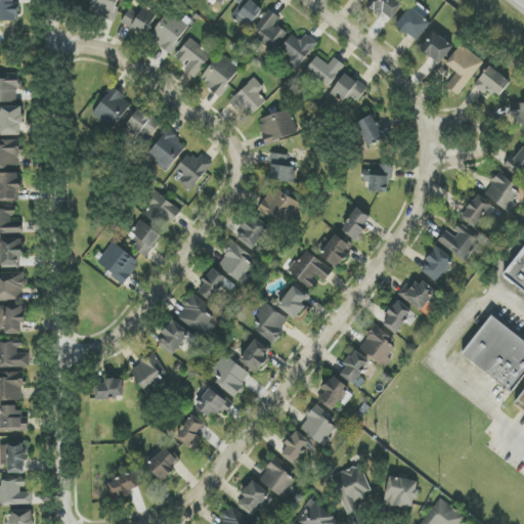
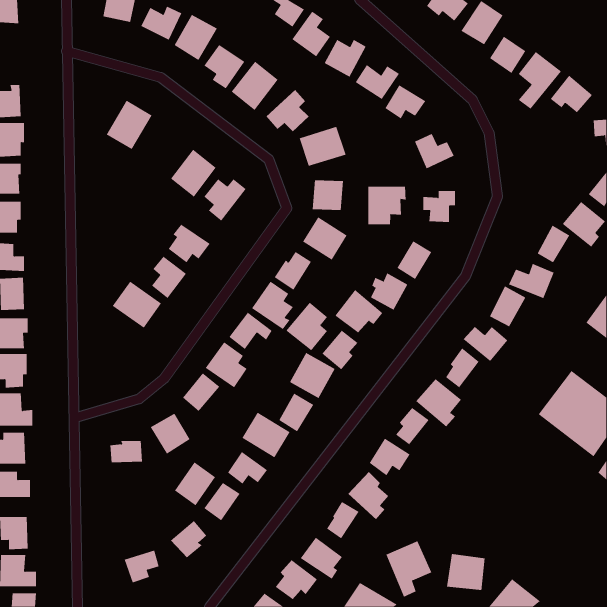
building: [127,107,160,139] -> none
building: none -> [368,186,406,225]
building: none -> [285,302,328,351]
building: none -> [174,461,216,506]

